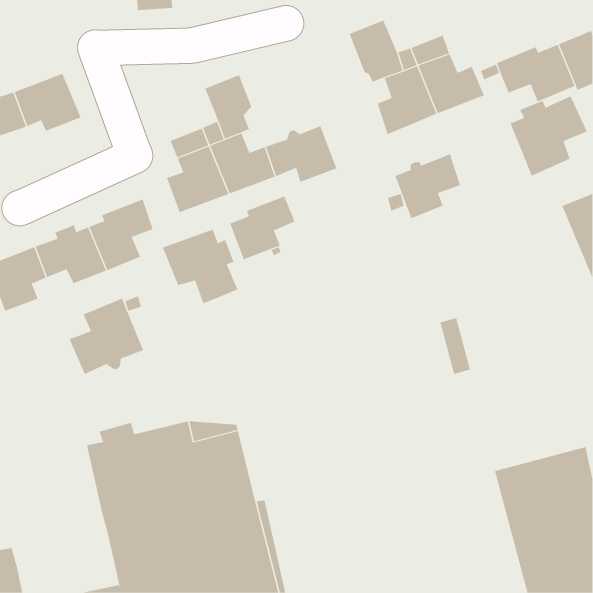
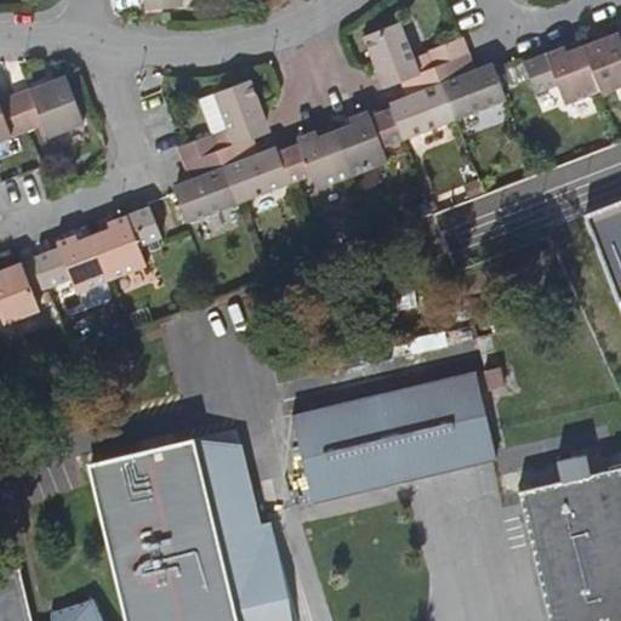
building: [510,95,587,176] -> none
building: [395,154,461,219] -> [335,108,404,176]
building: [229,196,295,260] -> none
building: [162,229,238,304] -> none
building: [69,298,144,375] -> none
building: none -> [290,370,485,522]

